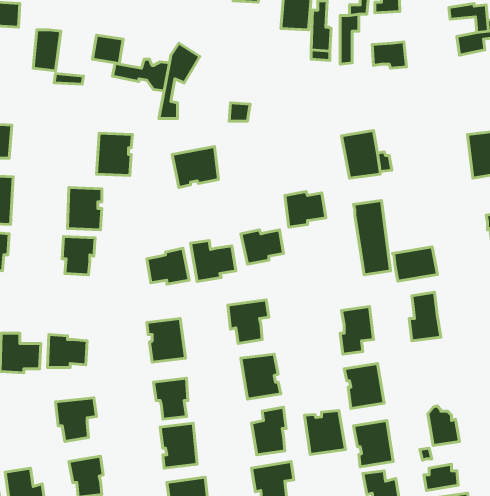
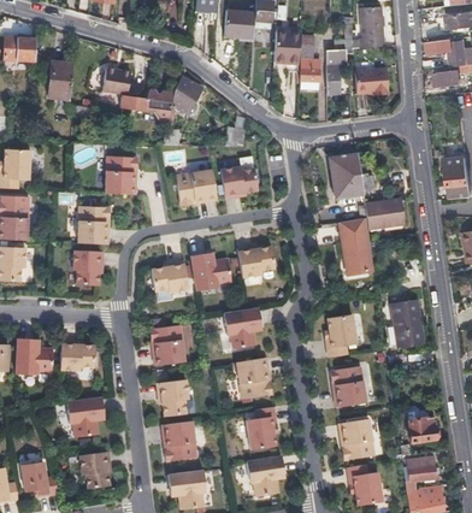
building: [285,192,326,227] -> [220,165,258,197]
building: [393,247,438,281] -> [364,197,405,229]
building: [304,411,345,454] -> none

